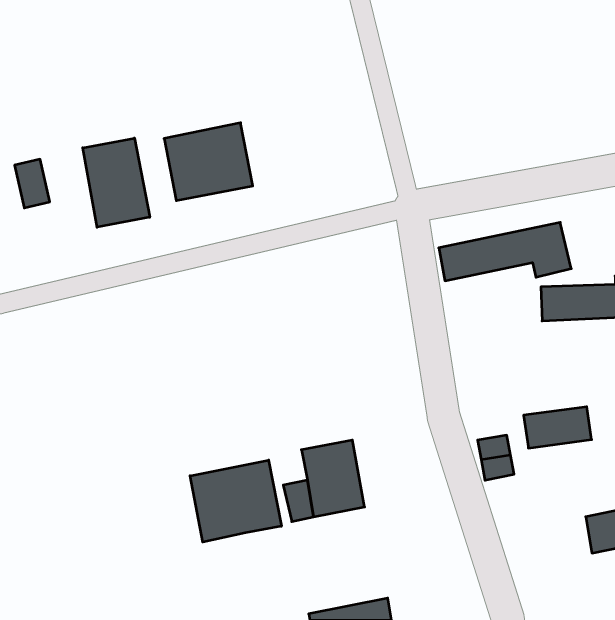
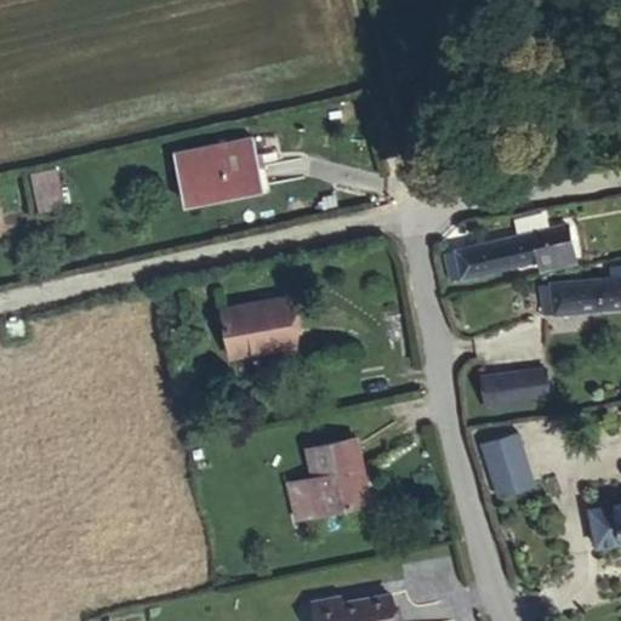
building: [83,138,150,227] -> none
building: none -> [228,303,302,359]
building: [524,407,592,448] -> [479,369,547,410]
building: [190,460,281,542] -> none

